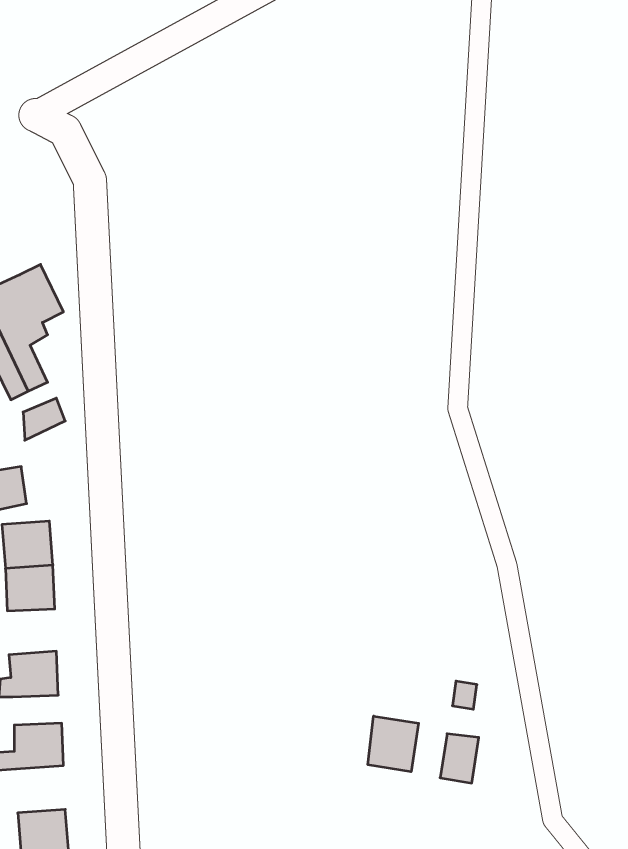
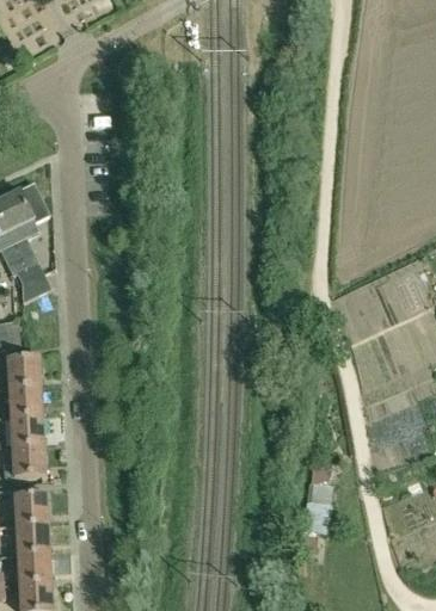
building: none -> [10,418,43,449]
building: [368,716,419,772] -> none
building: none -> [16,524,49,556]

